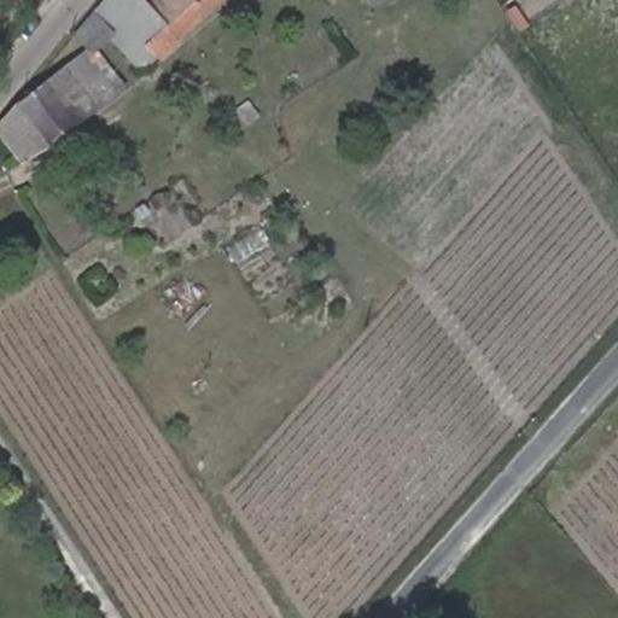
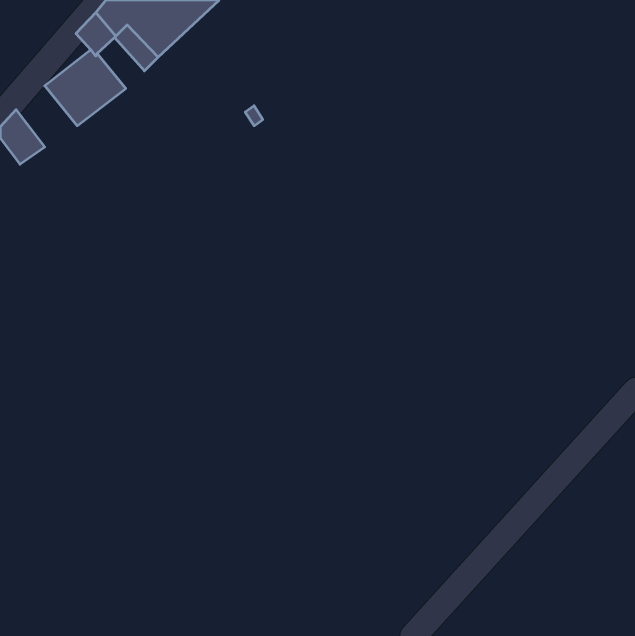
building: [17,83,76,142] -> none

